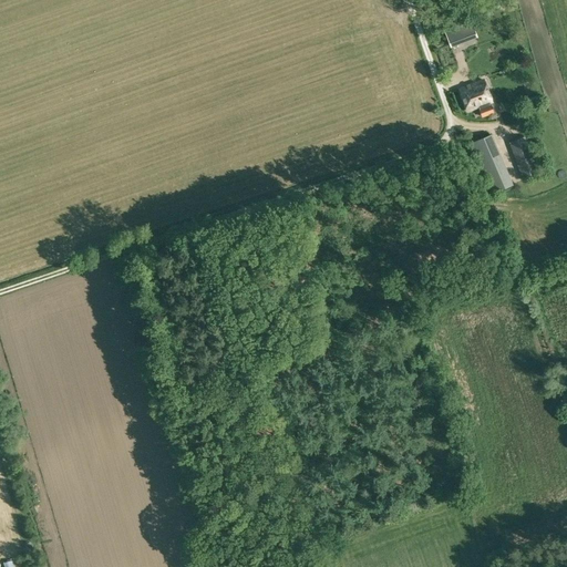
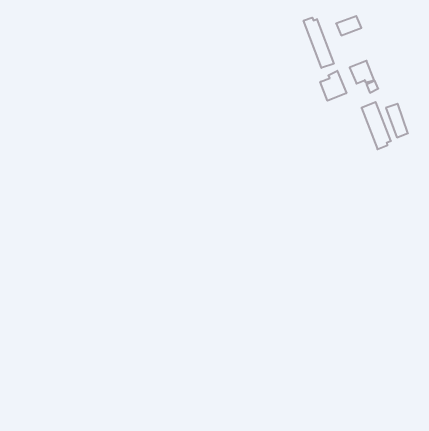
building: none -> [304,18,334,68]
building: none -> [320,71,346,101]

